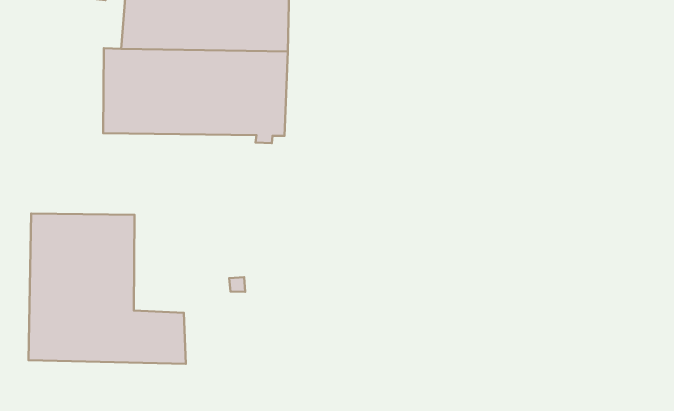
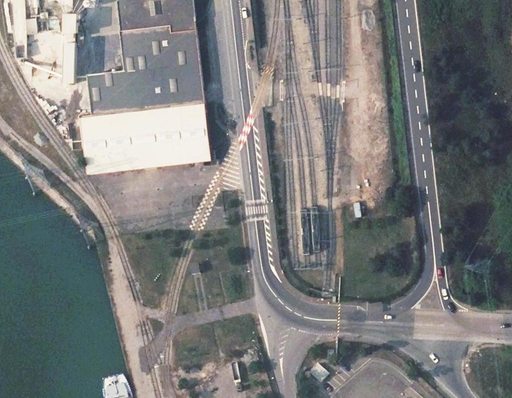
building: [29,213,186,364] -> none

